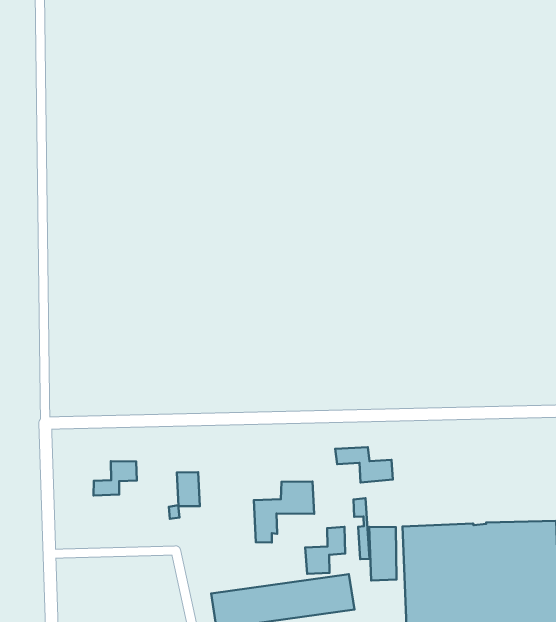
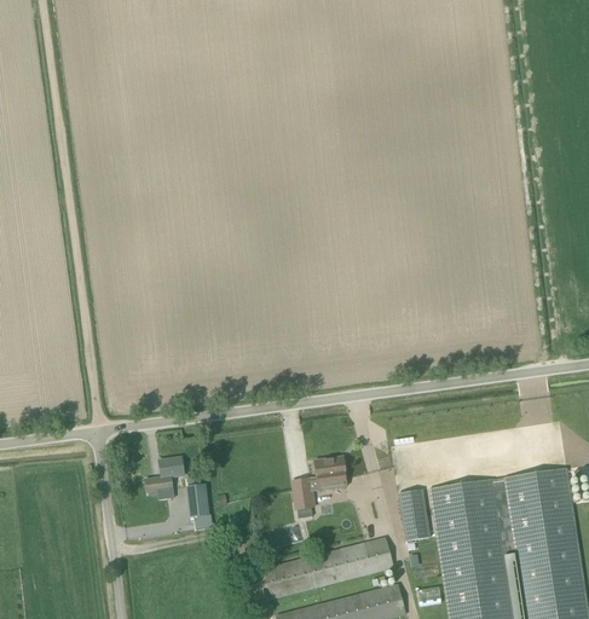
building: [335,447,393,482] -> none
building: [177,472,200,506] -> [185,486,209,519]
building: [305,527,345,574] -> none

